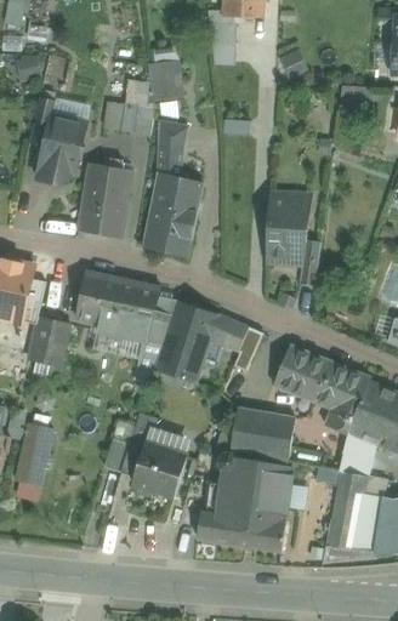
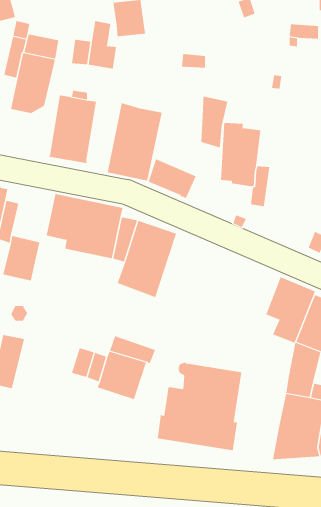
building: [157,120,187,177] -> [200,96,228,148]
building: [210,314,263,358] -> [148,159,197,199]
building: [273,344,331,403] -> none
building: [229,408,295,463] -> none

